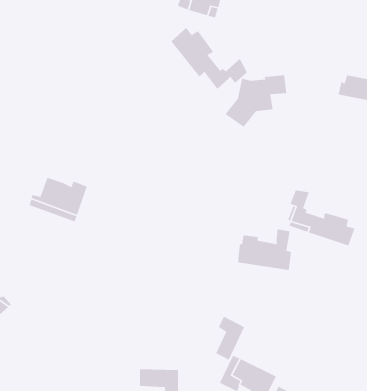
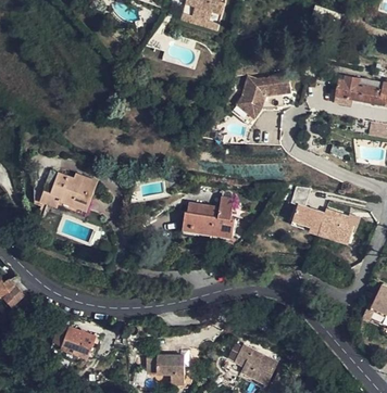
building: [170,27,248,90] -> none
building: [237,229,292,271] -> [183,197,235,237]
building: [215,316,245,361] -> none
building: none -> [53,326,96,356]

